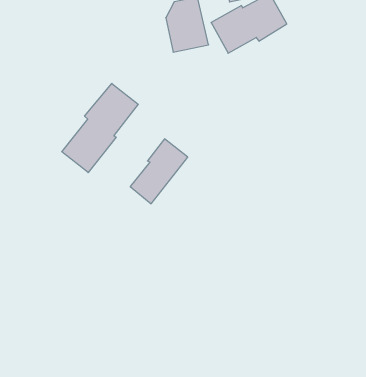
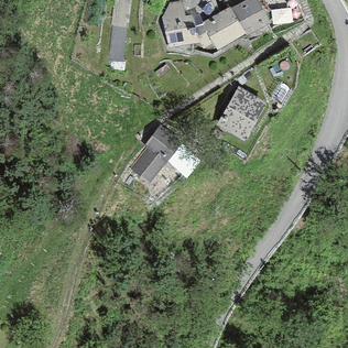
building: [62,83,138,173] -> none
building: none -> [217,86,265,139]

